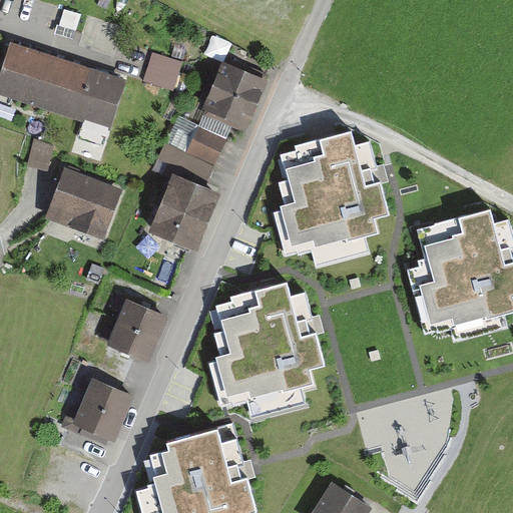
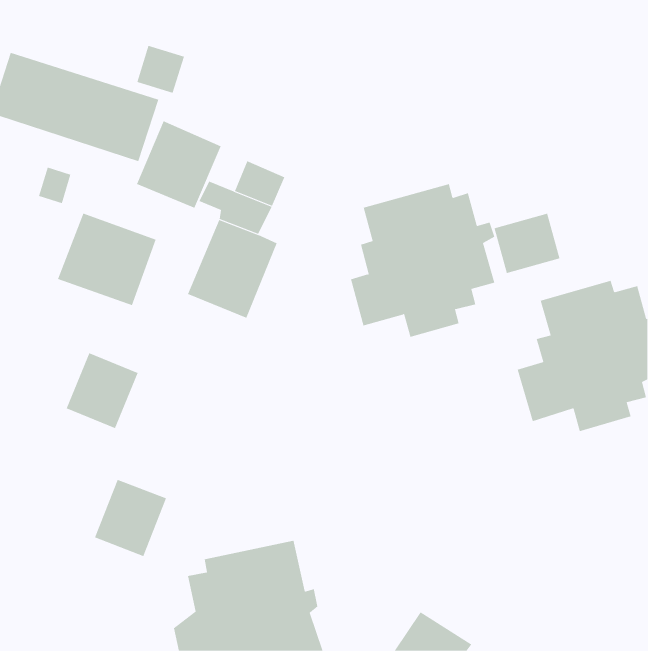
building: [141,52,179,90] -> [136,45,185,94]
building: [199,58,267,127] -> [136,121,222,208]
building: none -> [494,213,560,274]
building: [207,291,323,413] -> none
building: [107,298,164,358] -> [66,352,139,429]

